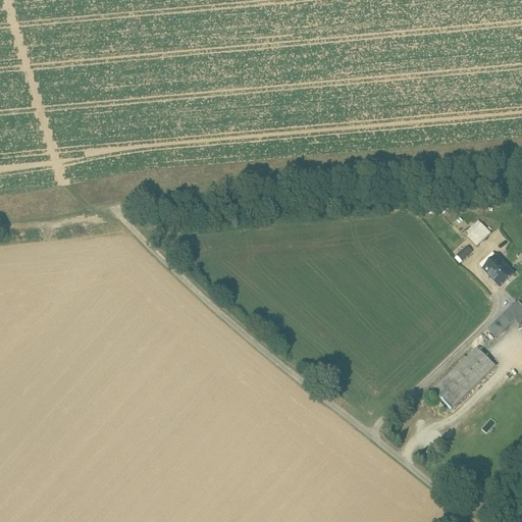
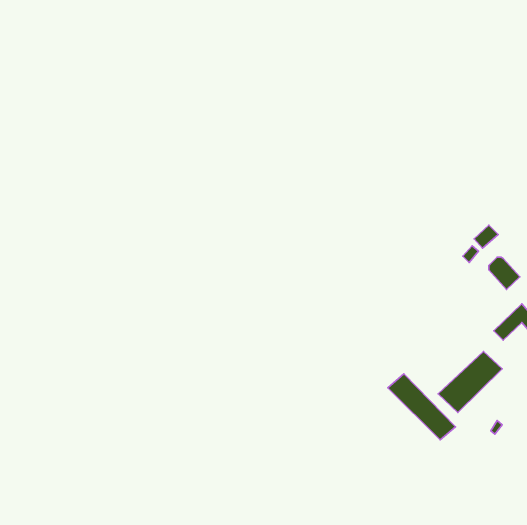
building: none -> [388,374,455,440]

